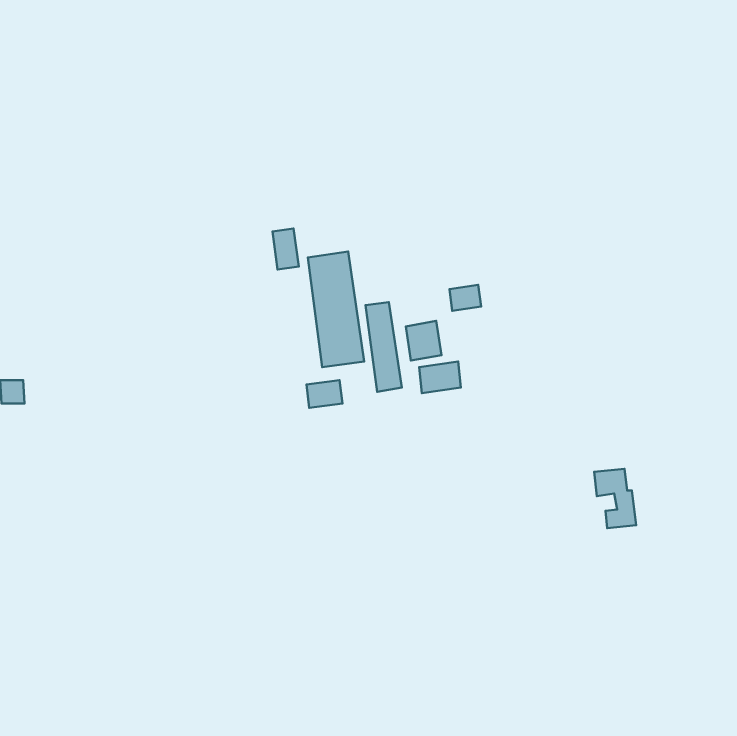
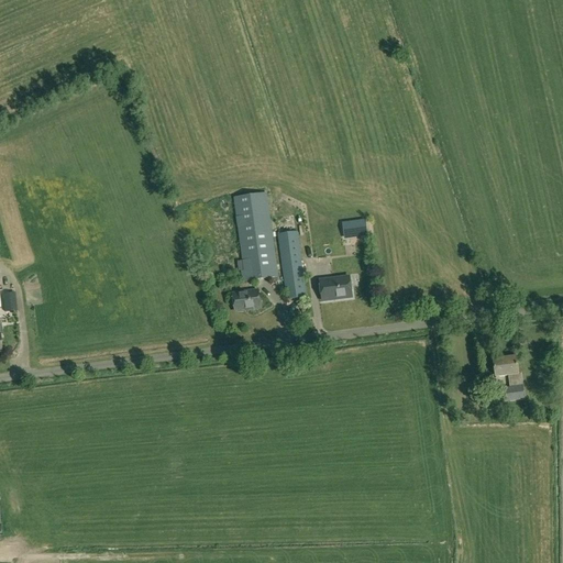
building: [272,228,299,270] -> none
building: [406,321,441,360] -> none
building: [594,469,636,528] -> [493,355,525,400]

